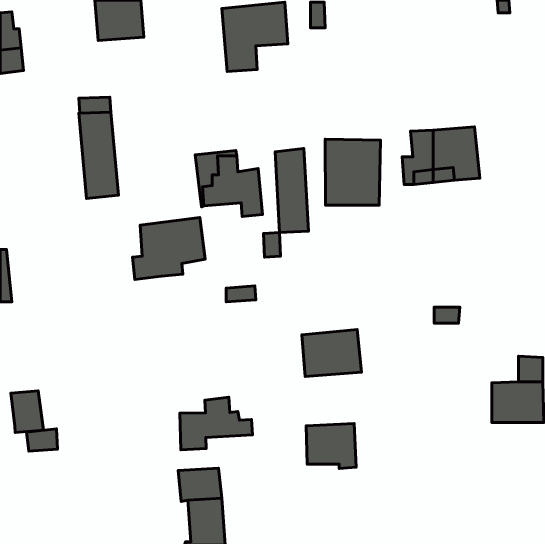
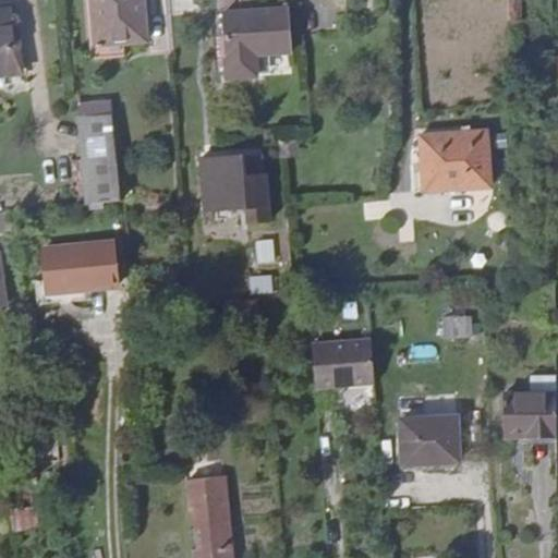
building: [325,139,381,205] -> none
building: [275,148,309,233] -> none
building: [133,218,205,280] -> [43,238,117,301]
building: [11,391,43,432] -> none
building: [180,397,253,450] -> none
building: [306,424,356,468] -> [398,412,449,458]

